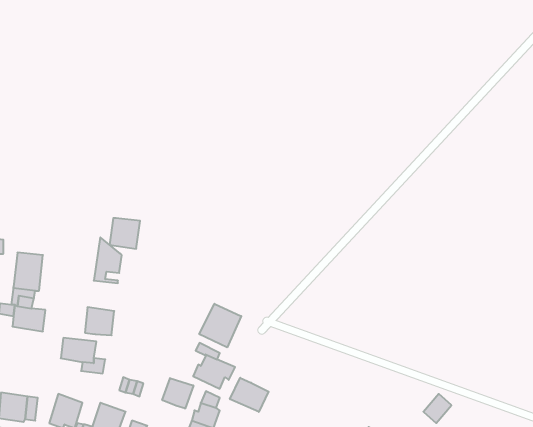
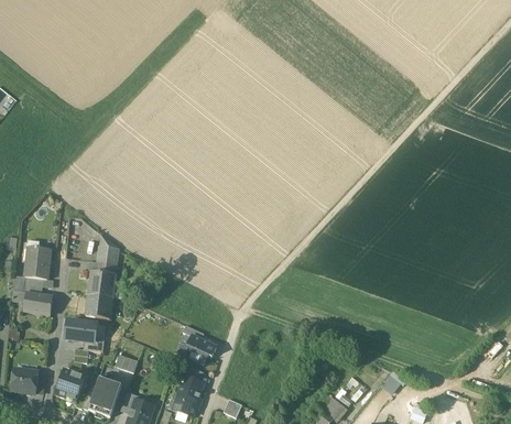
building: [110,218,140,249] -> [88,271,115,297]
building: [199,304,241,347] -> none
building: [230,378,269,412] -> none
building: [162,378,193,409] -> none

